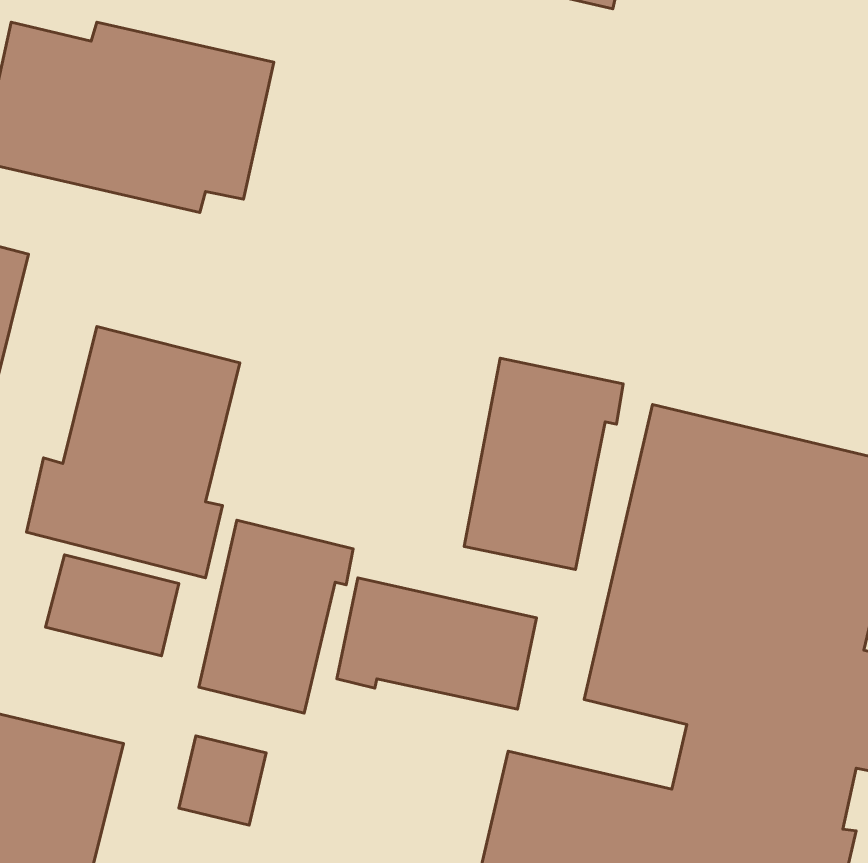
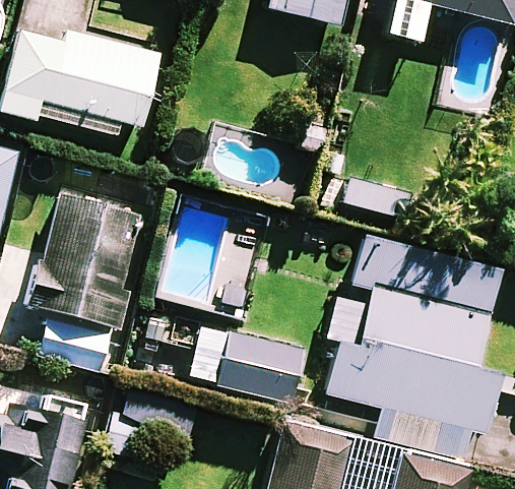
building: [464,358,623,570] -> none
building: [199,520,353,713] -> none

